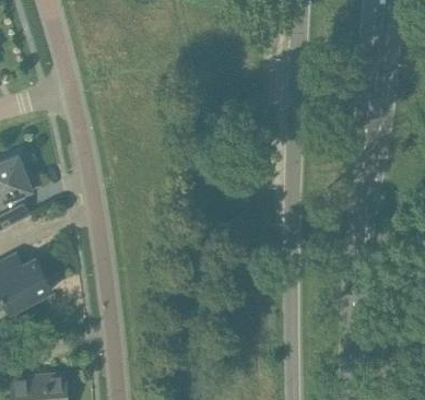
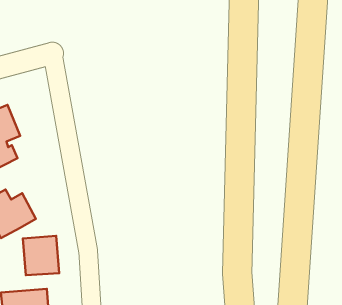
building: none -> [23,236,59,275]

